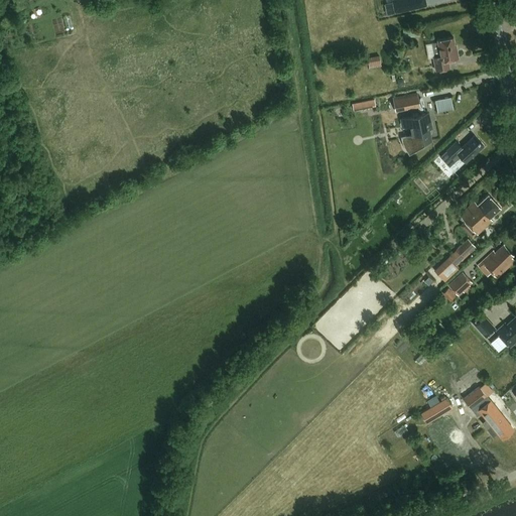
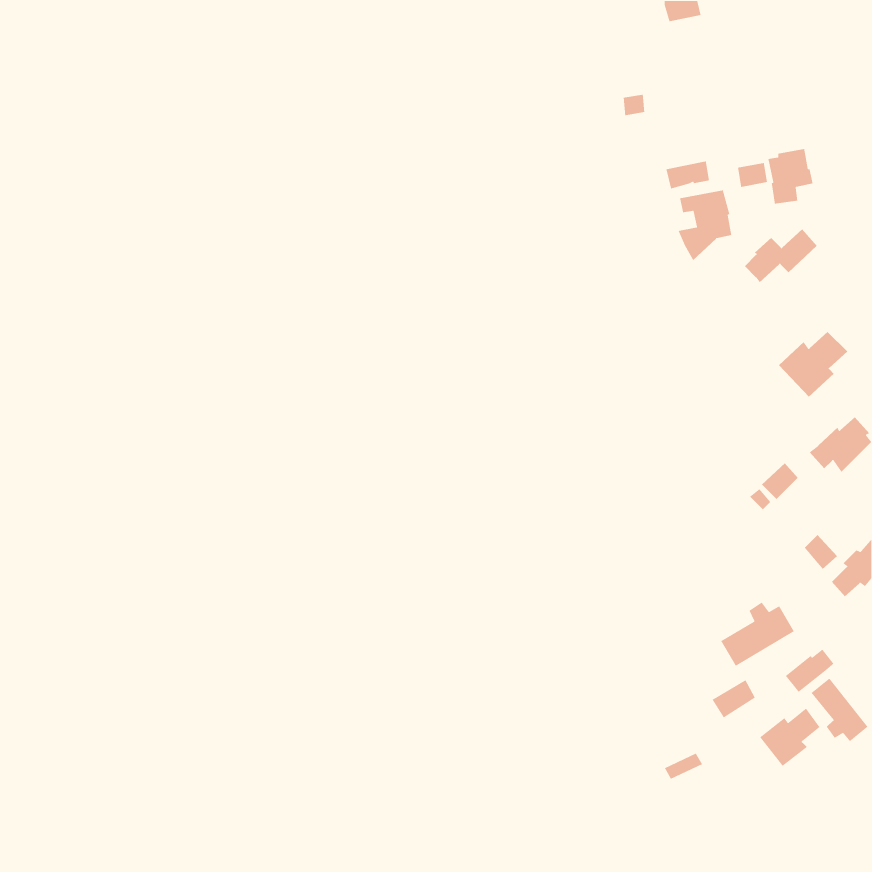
building: [431,37,459,71] -> [767,148,813,204]
building: [434,239,475,282] -> none
building: none -> [720,601,795,667]
building: none -> [759,707,821,767]

